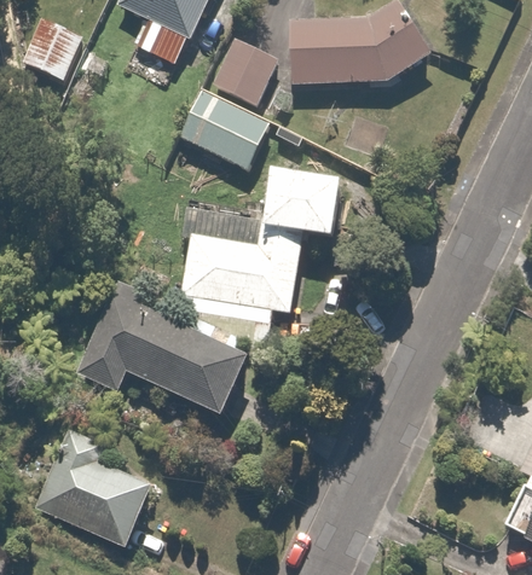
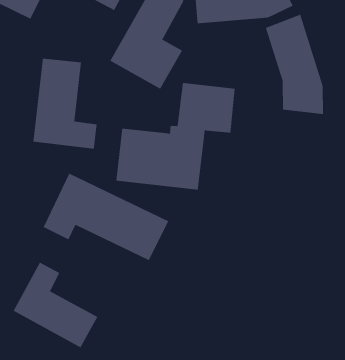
building: none -> [265,14,323,115]
building: none -> [33,58,97,149]

